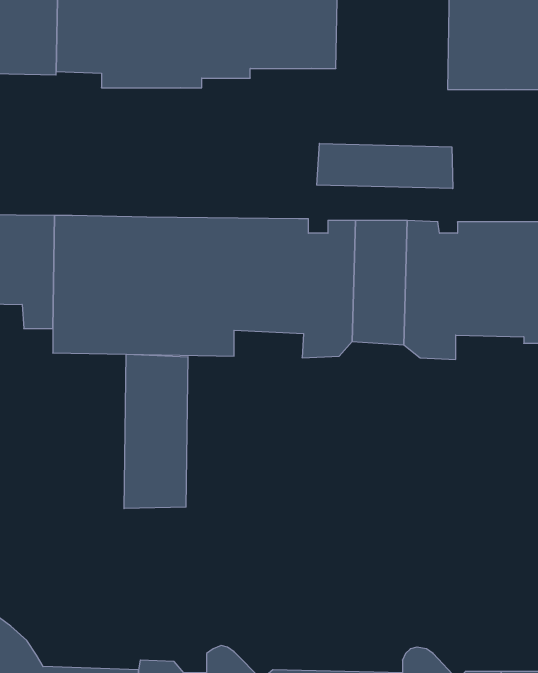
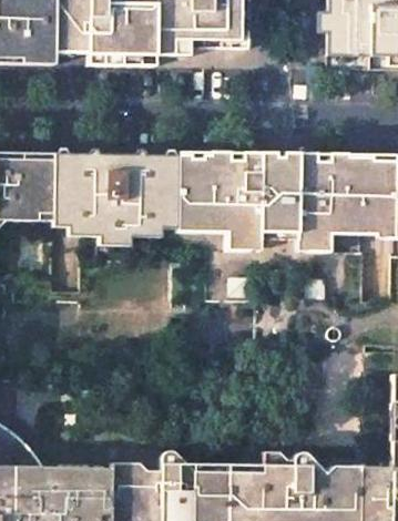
building: [317,143,453,189] -> none
building: [124,354,188,509] -> none

